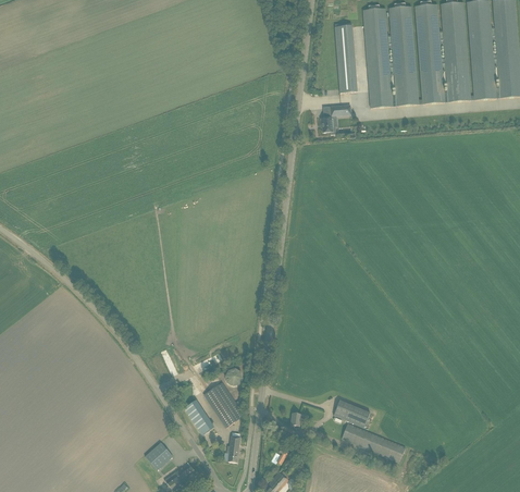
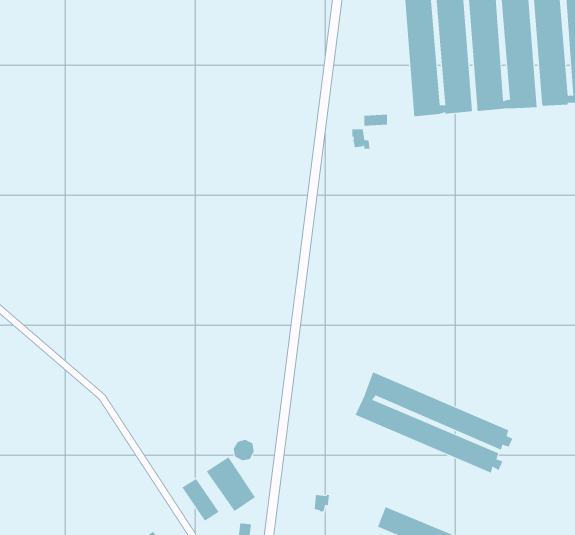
building: [335,25,357,93] -> none
building: none -> [355,371,513,474]
building: [333,399,370,428] -> none

